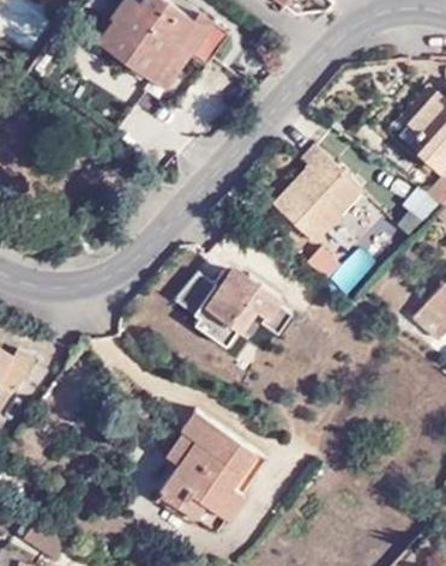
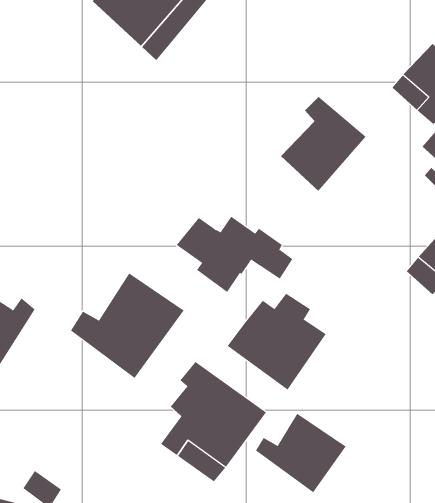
building: none -> [70,272,185,379]
building: none -> [227,293,326,390]
building: none -> [255,413,347,493]

